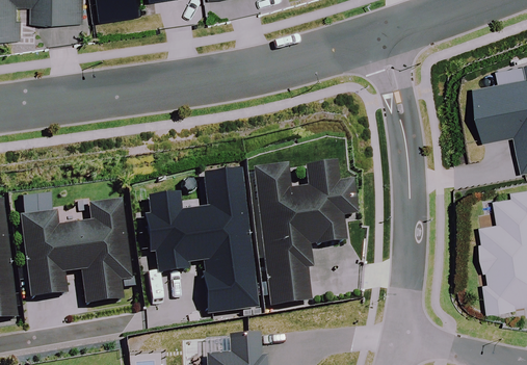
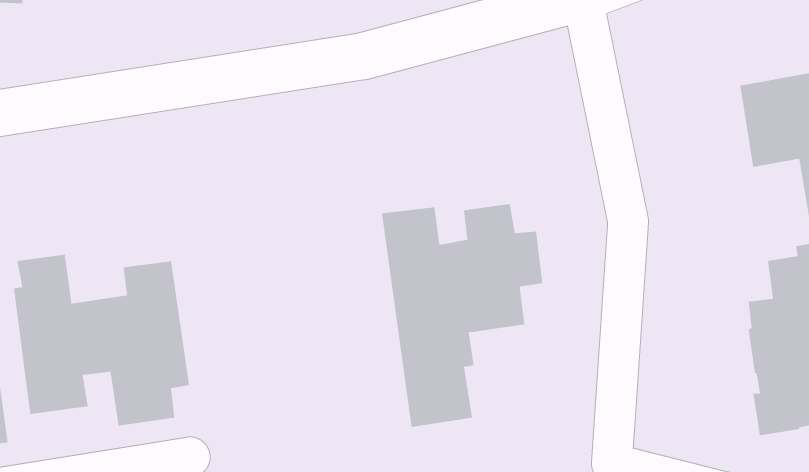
building: [144,170,258,313] -> none

